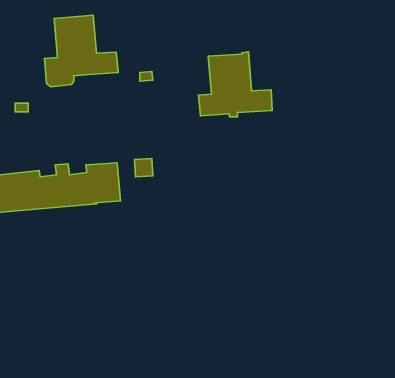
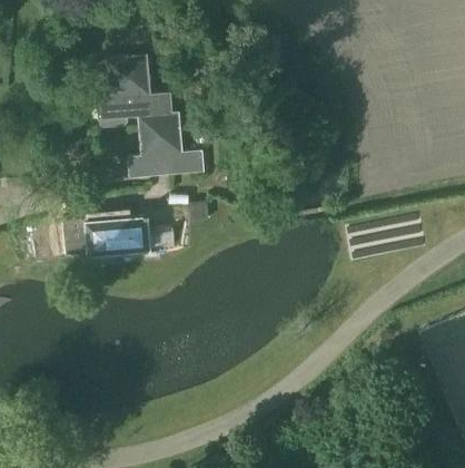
building: [198,52,272,117] -> [126,110,201,177]

